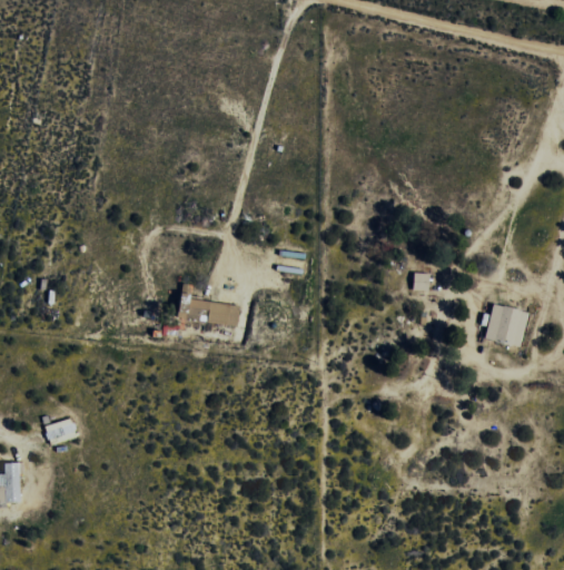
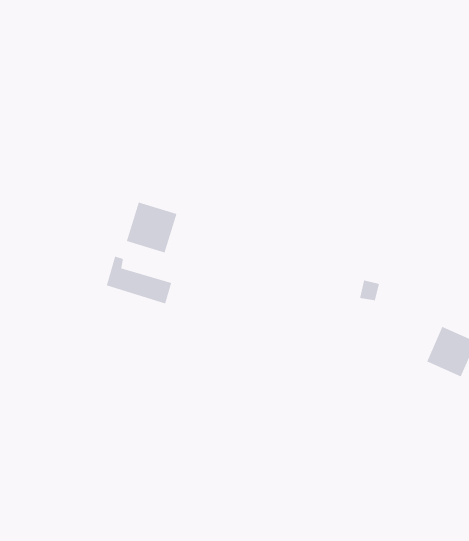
building: none -> [126,201,177,254]

